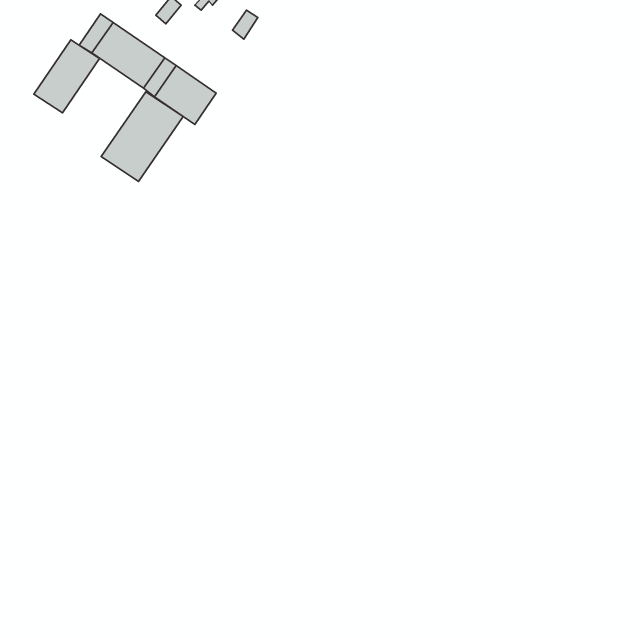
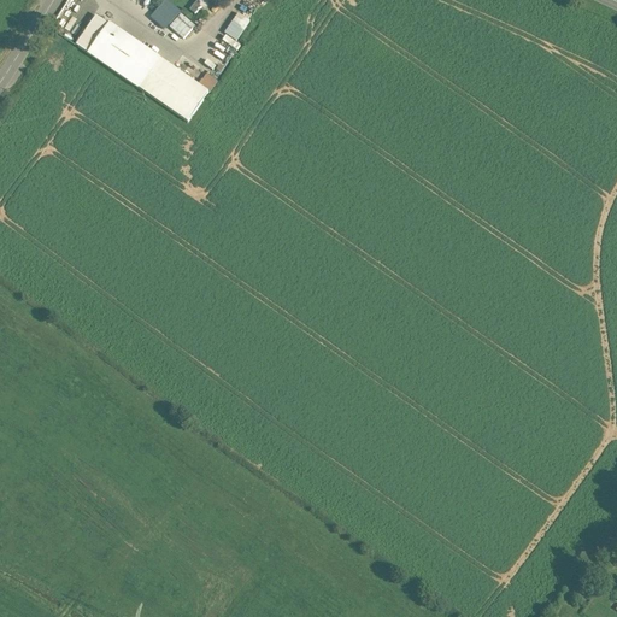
building: [34,40,100,113] -> none
building: [101,92,183,181] -> none

